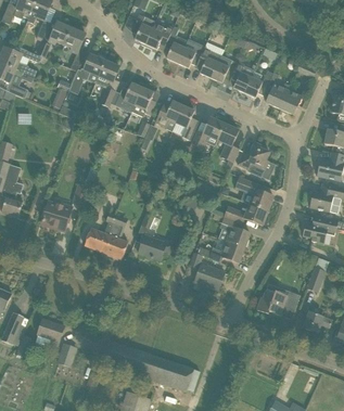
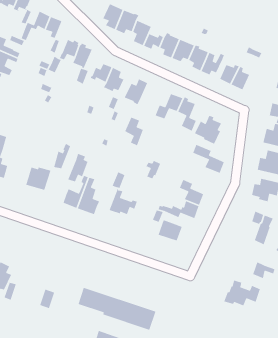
building: [176,105,199,140] -> [124,116,144,146]
building: none -> [67,153,88,182]
building: [224,203,267,224] -> none
building: [256,283,300,314] -> [223,279,261,307]
building: [36,318,64,347] -> none

